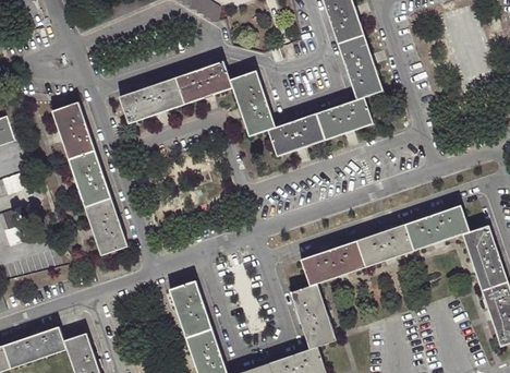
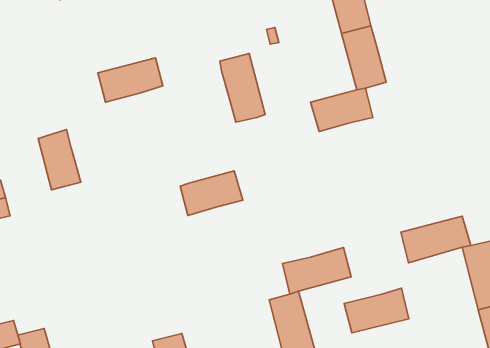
building: [171,62,232,106] -> none
building: [52,104,95,161] -> none
building: [267,111,325,155] -> [180,171,243,216]
building: [85,198,127,254] -> none
building: [354,224,414,267] -> [344,288,409,333]
building: [170,281,212,338] -> none

